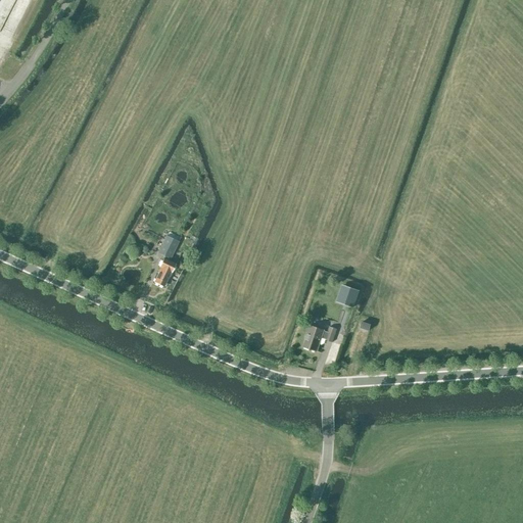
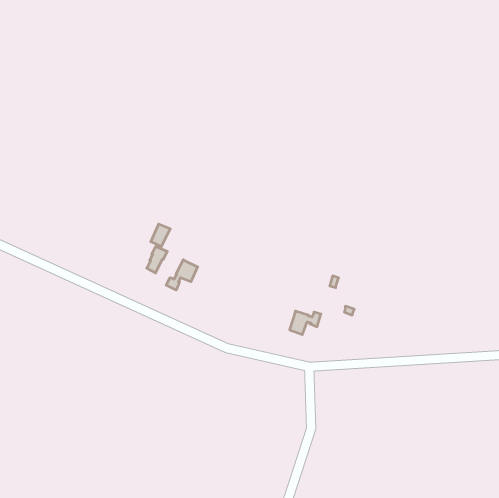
building: none -> [166,260,198,290]

